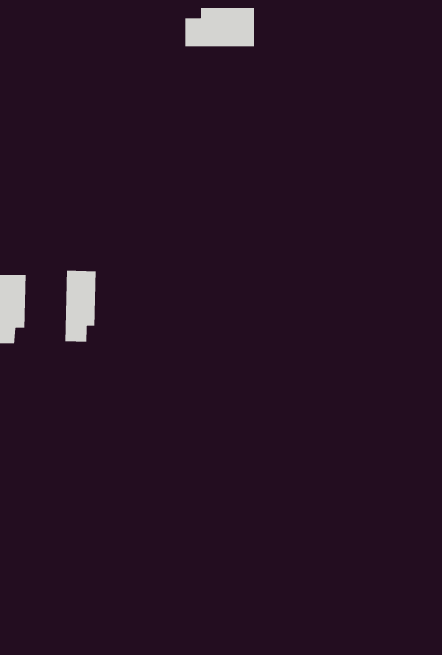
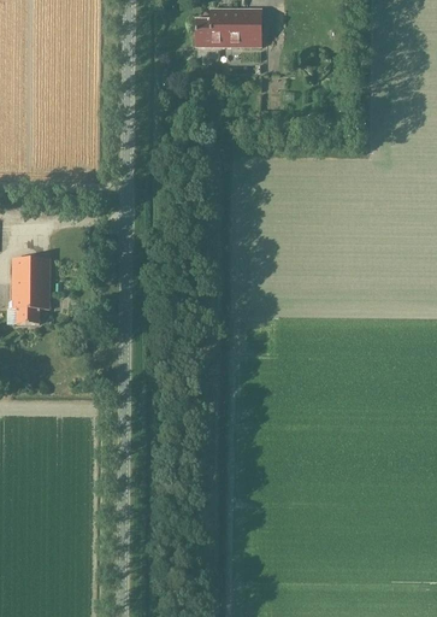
building: [65,270,97,342] -> none

